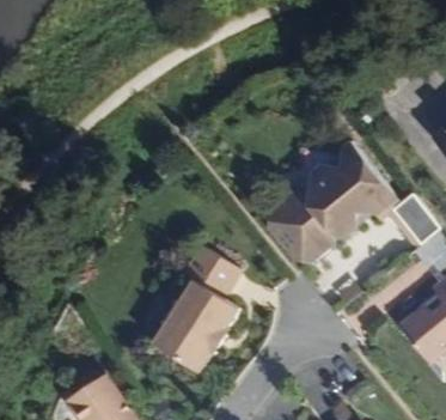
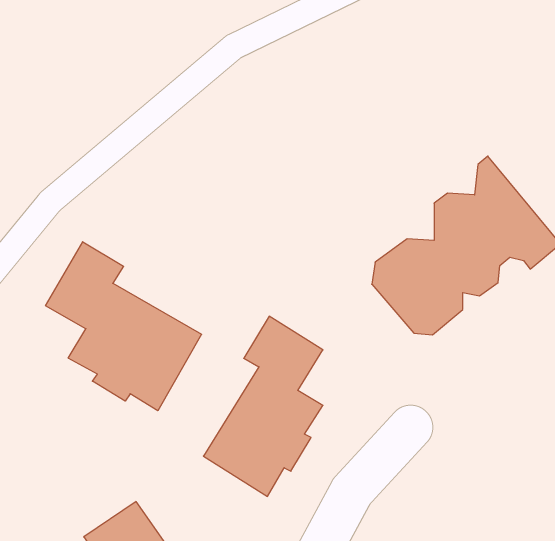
building: none -> [46,242,202,411]

